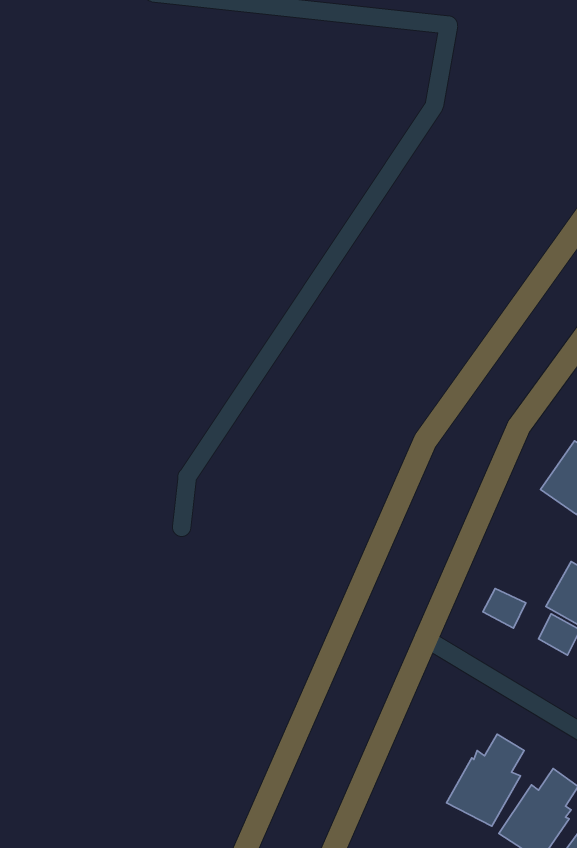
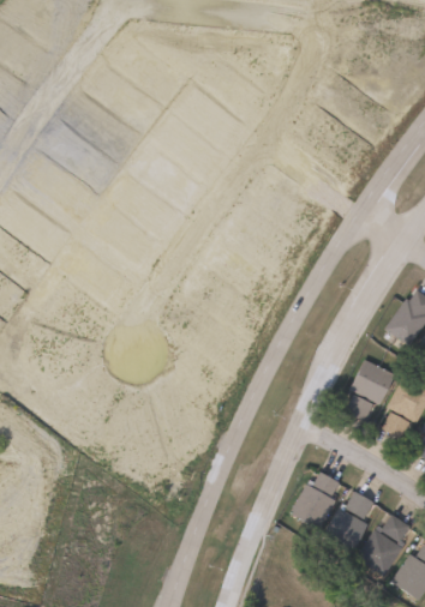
building: none -> [348,359,394,404]
building: none -> [289,471,339,529]

